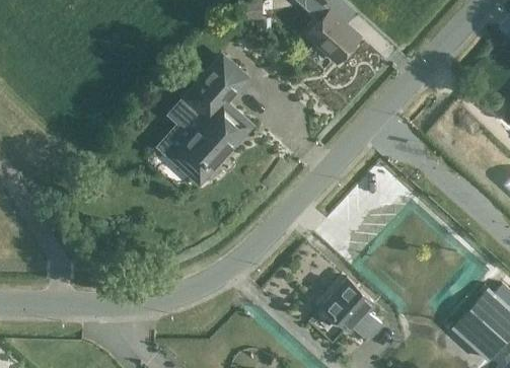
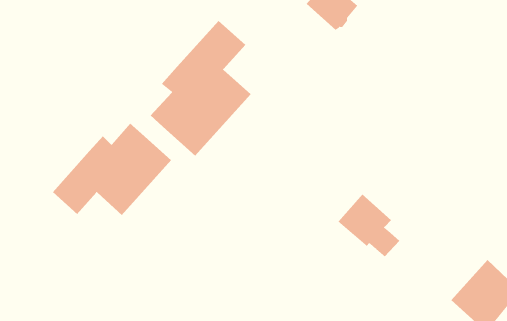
building: none -> [52,123,172,216]
building: [322,280,384,343] -> [338,194,400,257]

